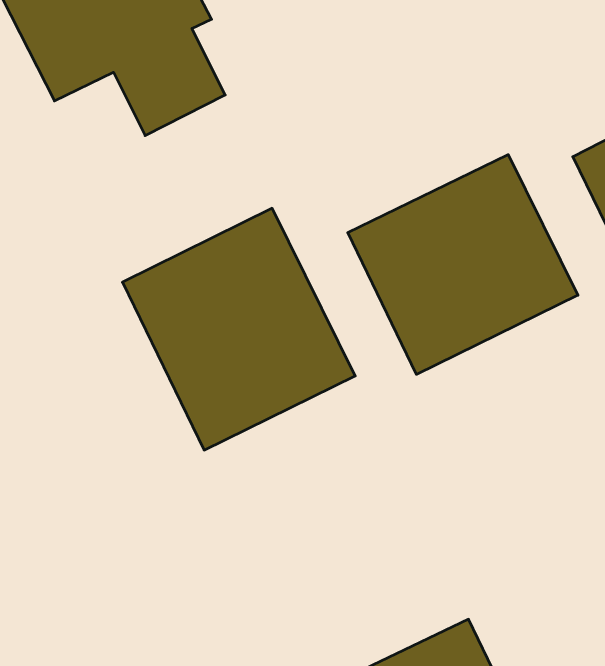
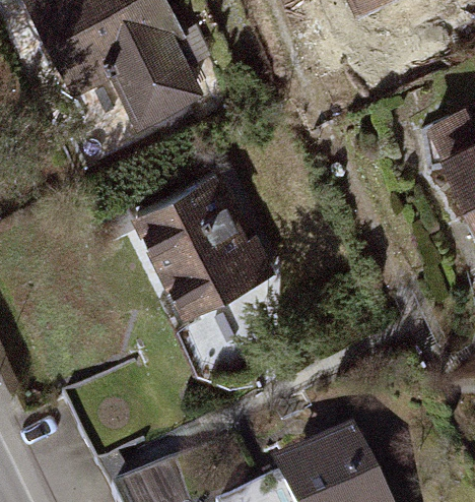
building: [348,155,578,374] -> none

